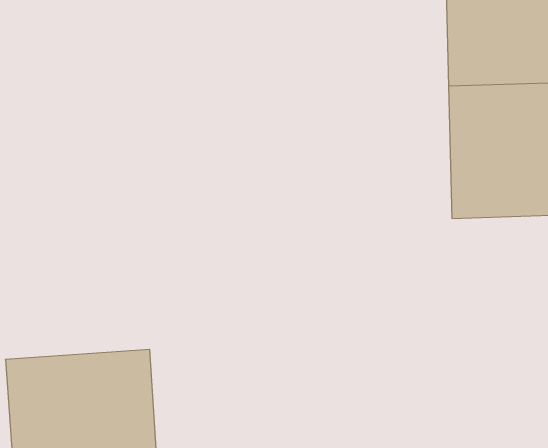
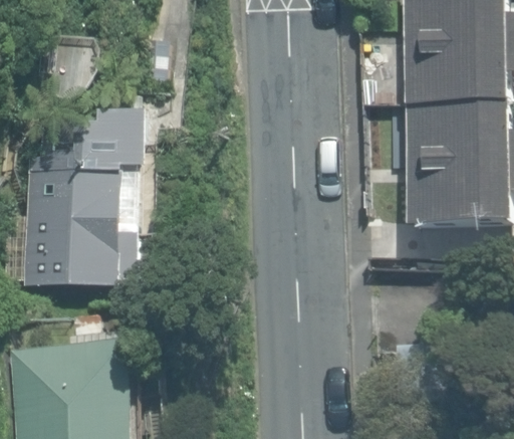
building: none -> [24,149,140,288]

